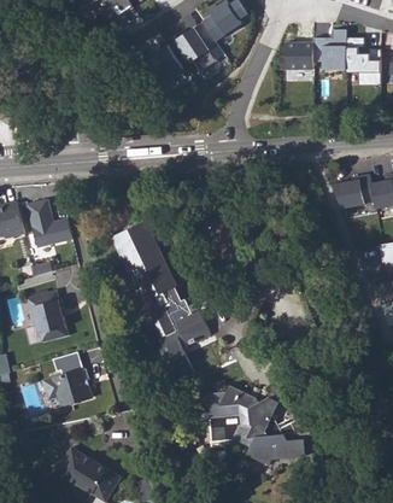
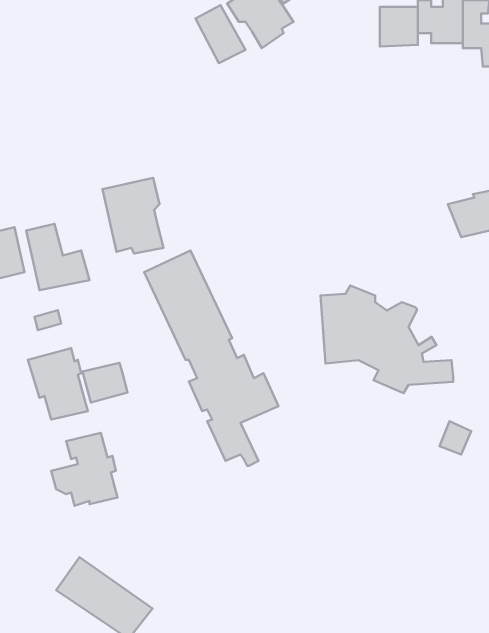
building: none -> [103,178,163,254]
building: none -> [83,363,128,402]
building: [209,386,305,464] -> [320,286,453,393]

